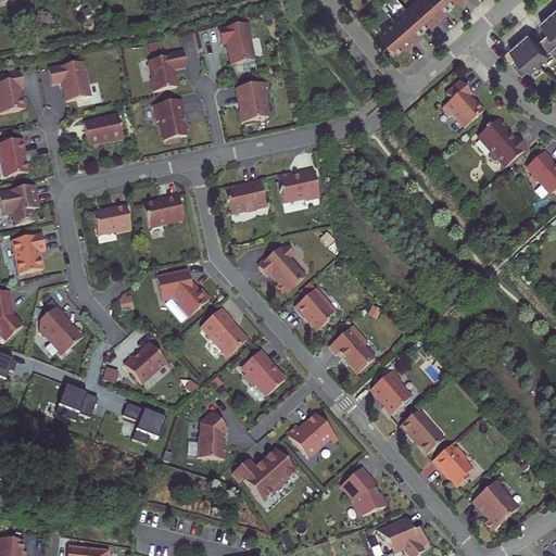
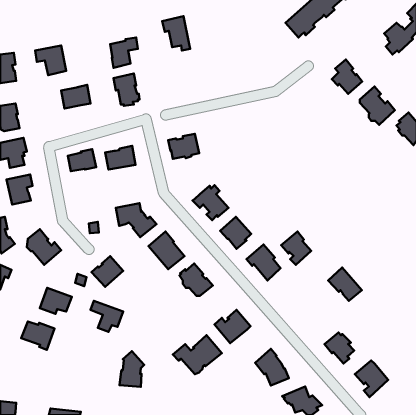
building: [235,81,267,122] -> none
building: [278,169,319,201] -> none
building: [371,369,412,414] -> [281,231,311,265]
building: [400,407,444,452] -> [328,267,362,301]
building: [195,409,228,457] -> [120,351,144,387]
building: none -> [21,322,54,350]

